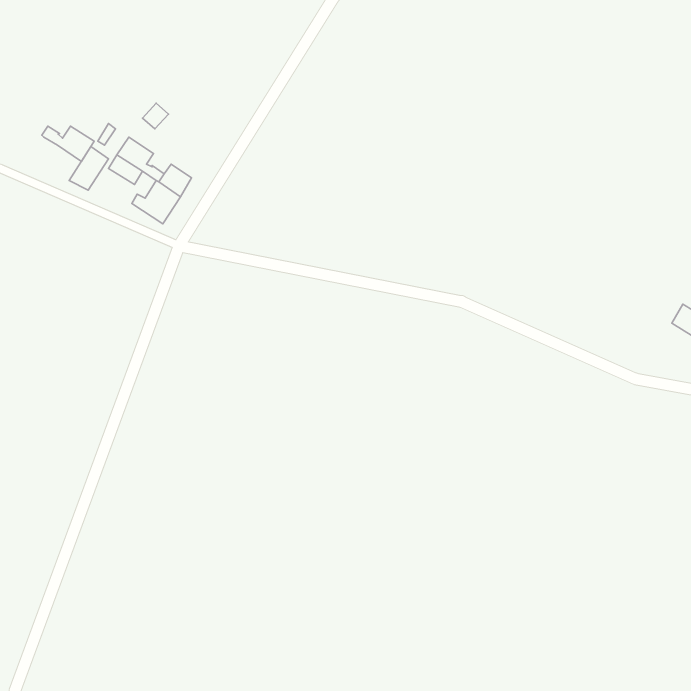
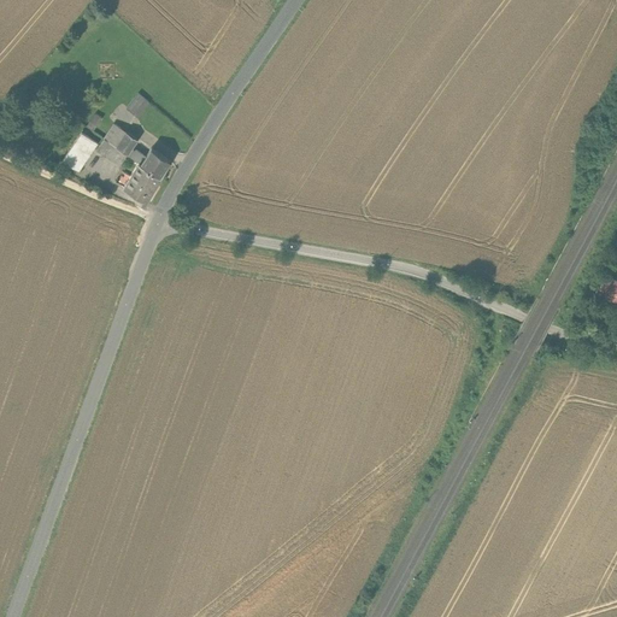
building: [42,126,94,162] -> none

